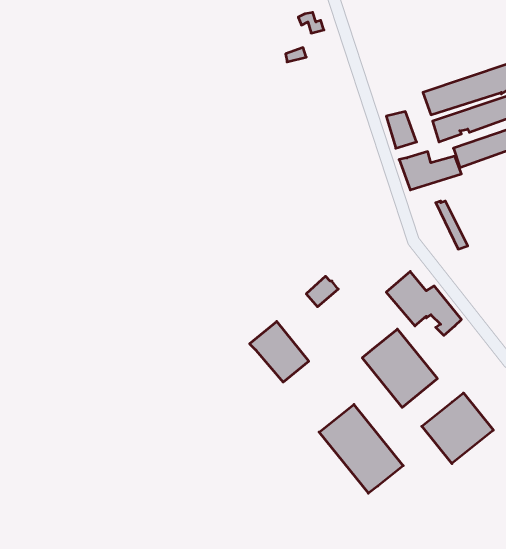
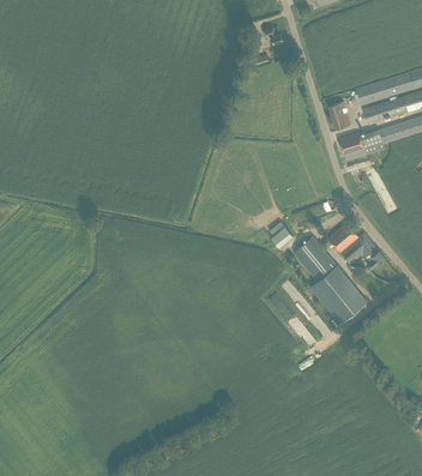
building: [250,321,309,382] -> [291,234,336,279]
building: [422,393,493,464] -> none
building: [319,404,403,493] -> none

